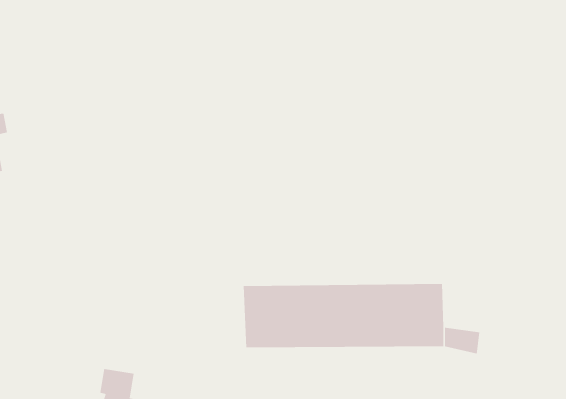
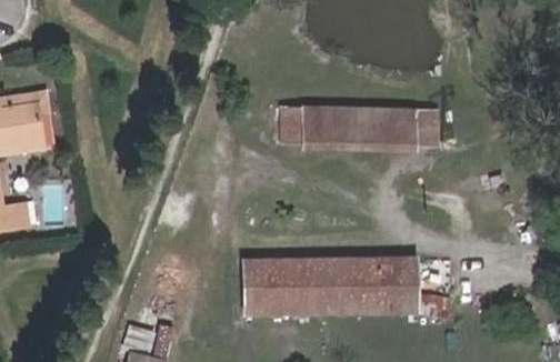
building: none -> [281,108,437,151]

